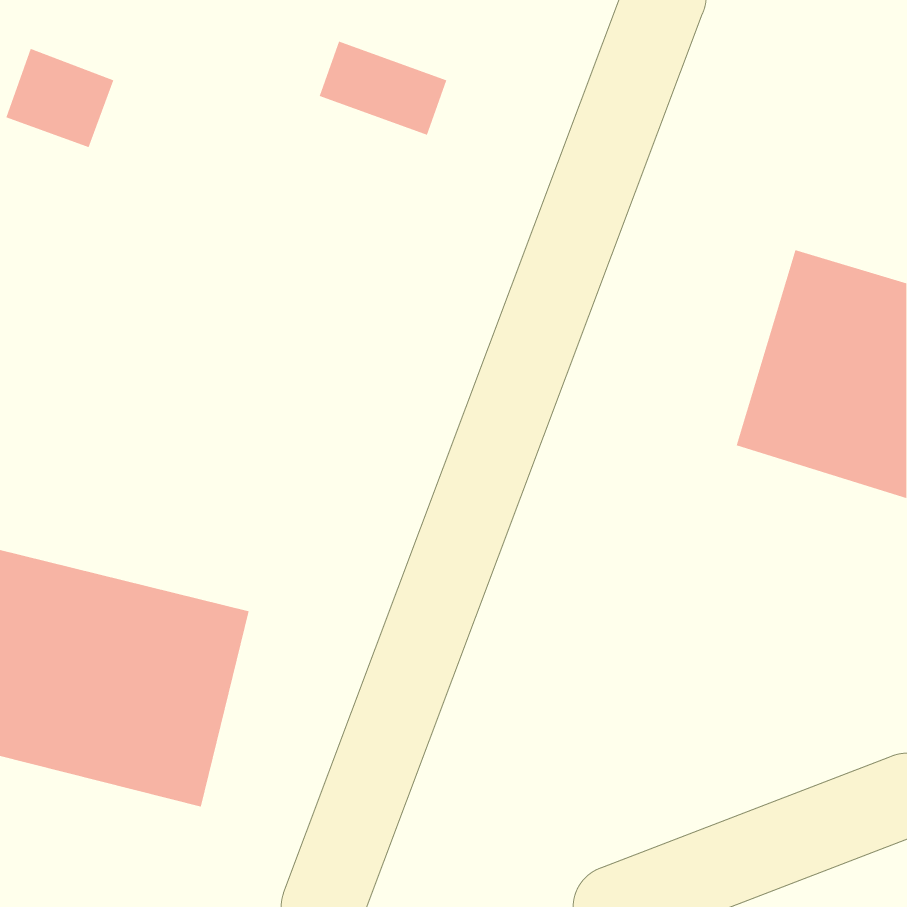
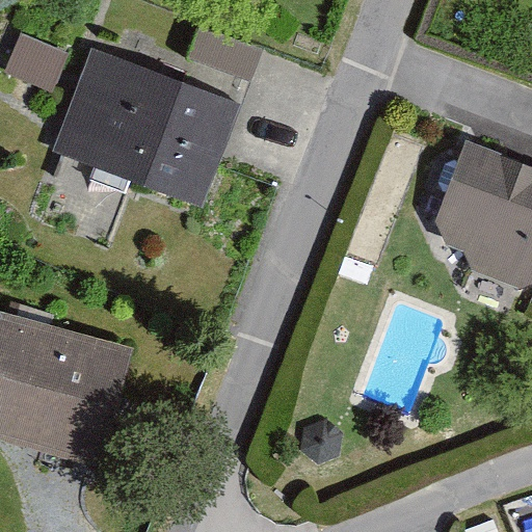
building: none -> [52,45,240,203]

